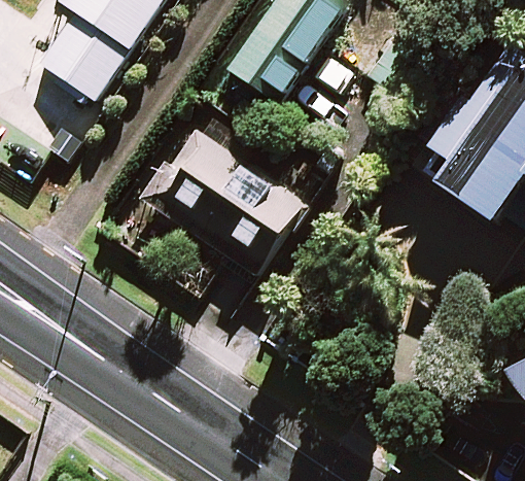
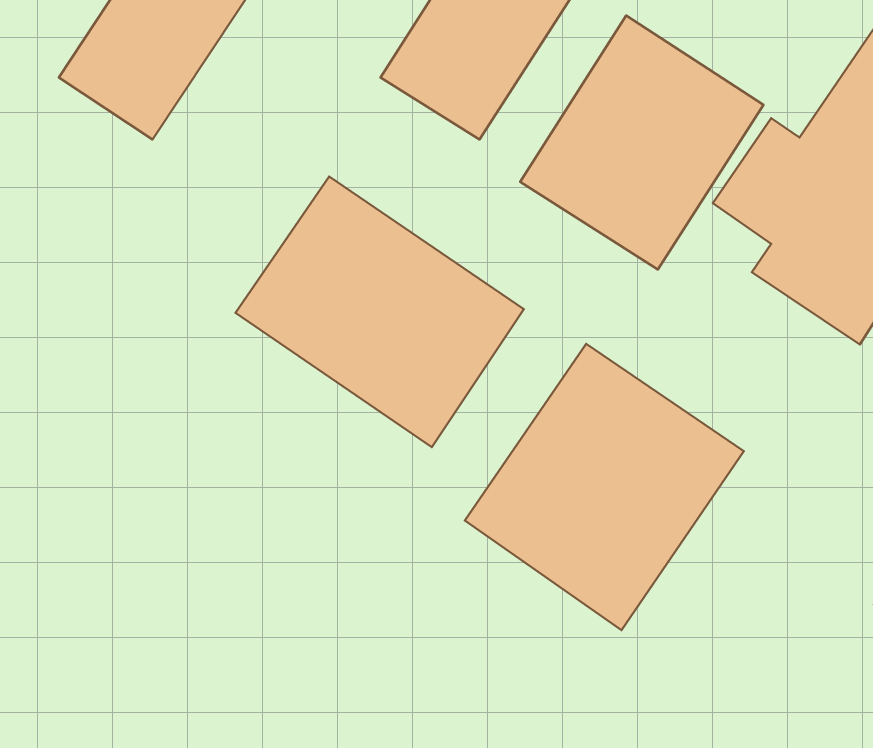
building: none -> [520,15,763,269]
building: none -> [465,344,744,630]

